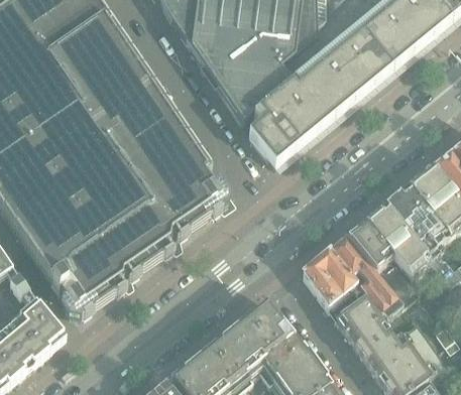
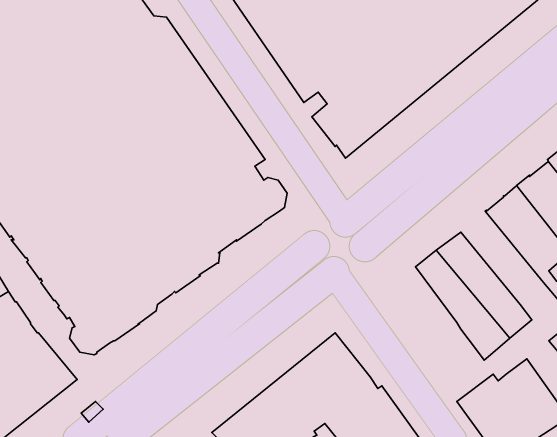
building: [364,206,429,278] -> none
building: [302,249,361,307] -> none
building: [336,297,399,354] -> none

